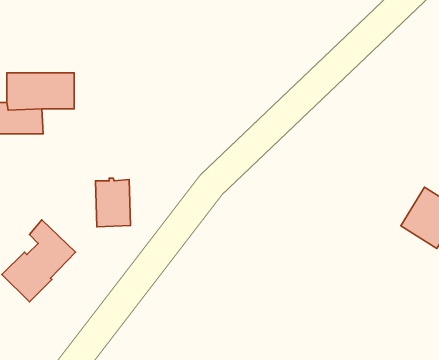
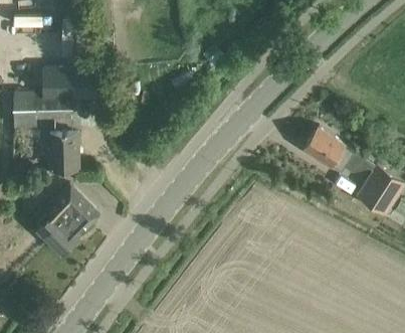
building: none -> [301,127,355,174]
building: [96,178,130,227] -> [49,133,77,172]

